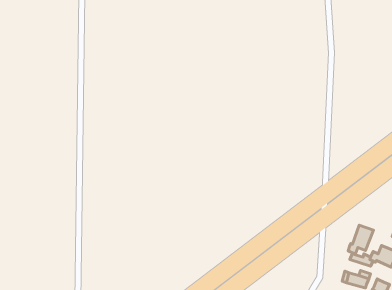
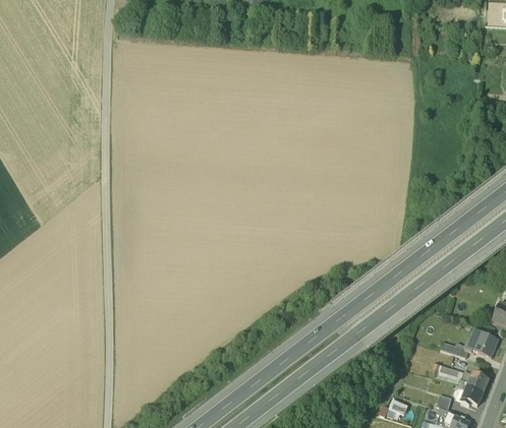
building: [348,225,374,254] -> none

